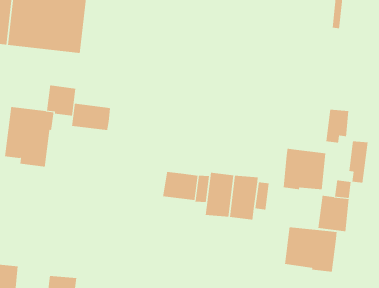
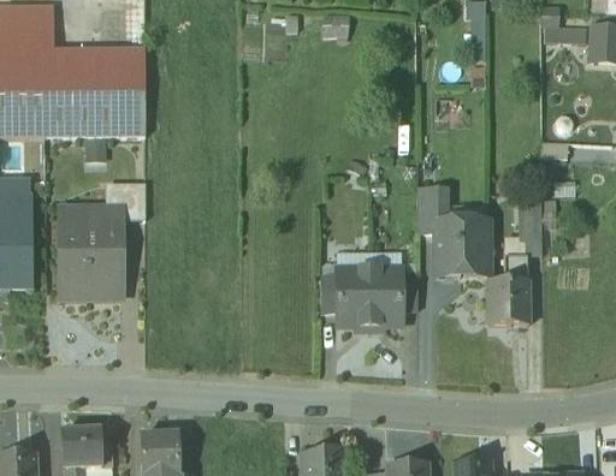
building: [71,103,110,131] -> none
building: [325,109,349,143] -> [415,190,443,234]
building: [163,171,198,201] -> none
building: [285,226,337,272] -> none

